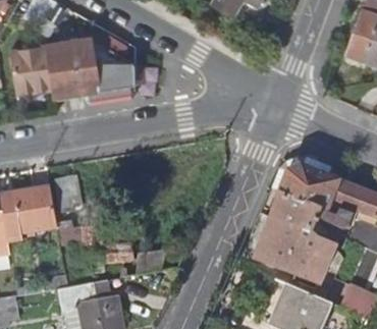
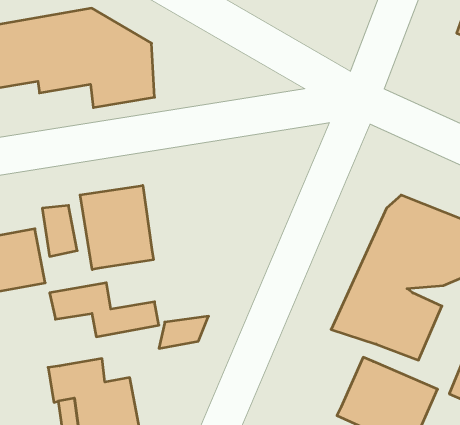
building: none -> [80,185,153,270]

